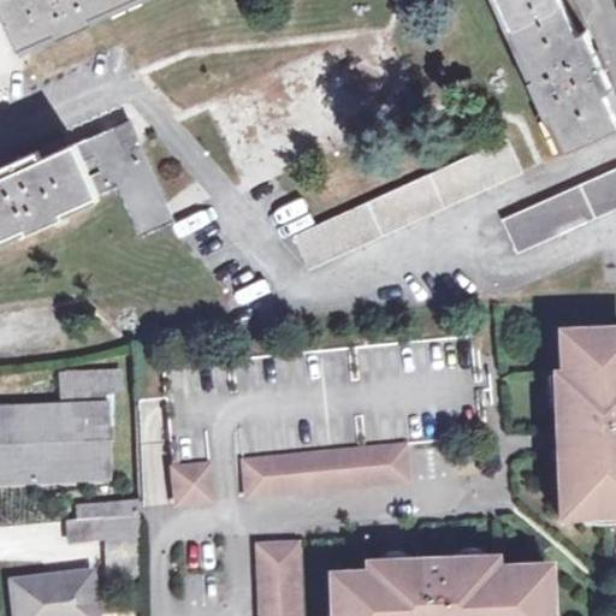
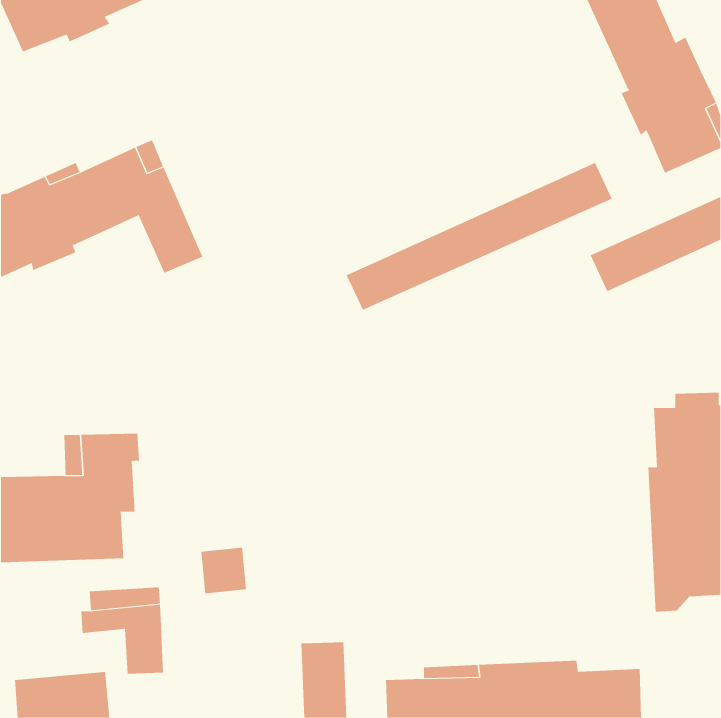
building: [241,446,405,499] -> none

